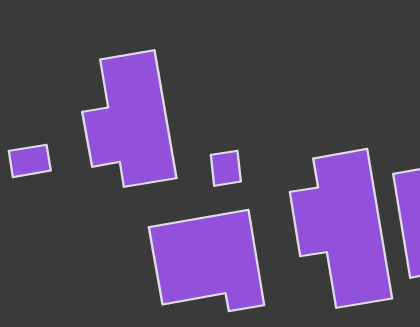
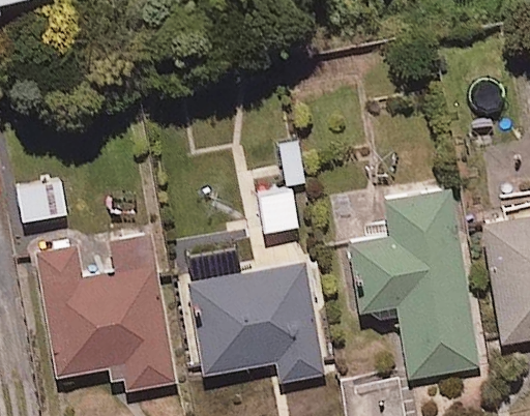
building: [82,50,177,187] -> none
building: none -> [35,233,177,393]

